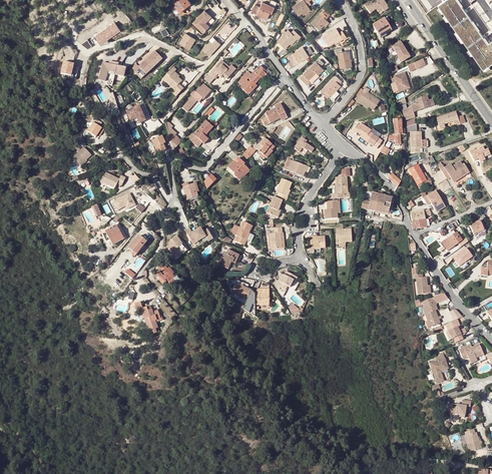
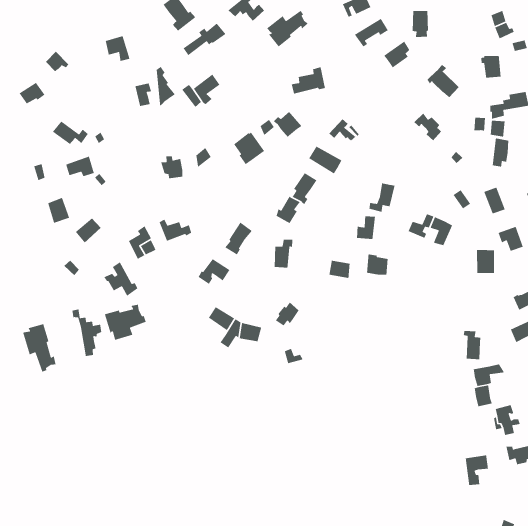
building: none -> [104,304,147,341]
building: none -> [22,323,56,373]

